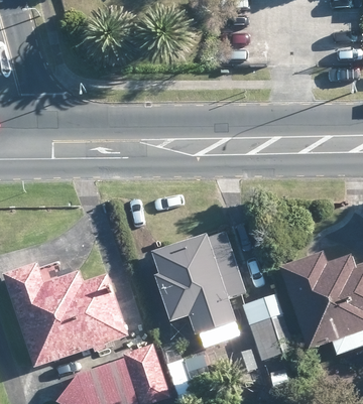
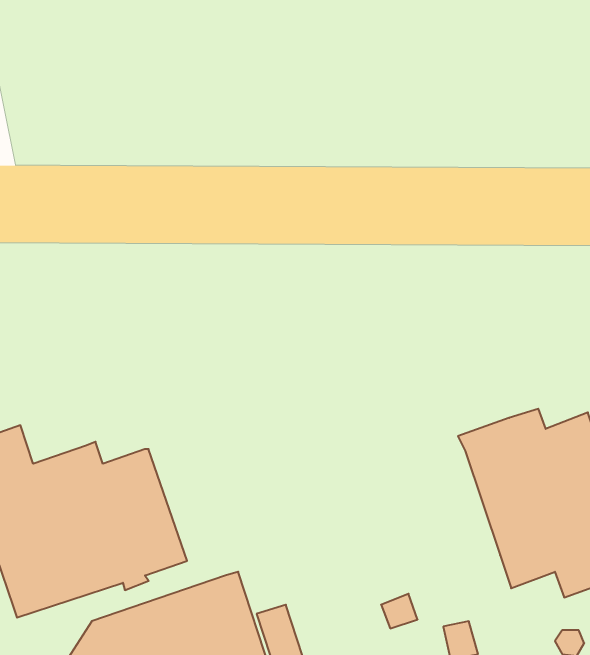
building: [149,230,245,348] -> none
building: [242,293,293,360] -> none

